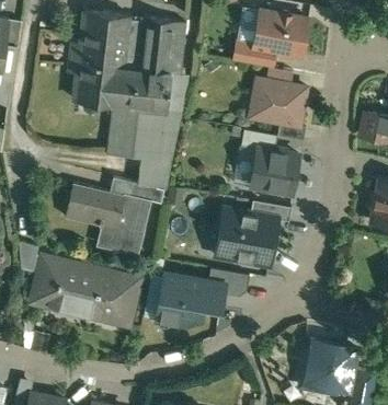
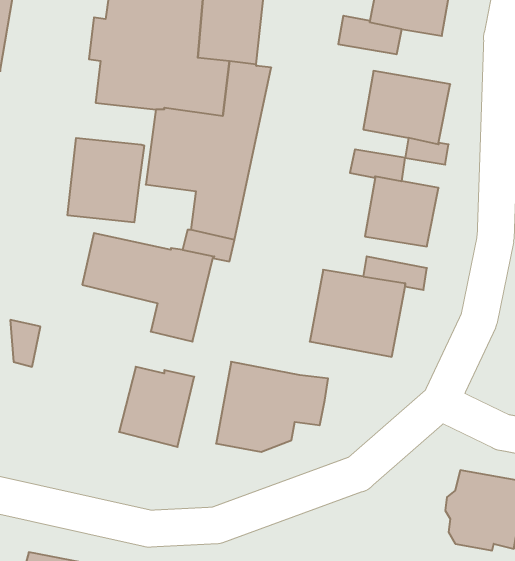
building: none -> [68,138,144,222]
building: [31,256,100,315] -> none
building: [207,268,248,297] -> none

